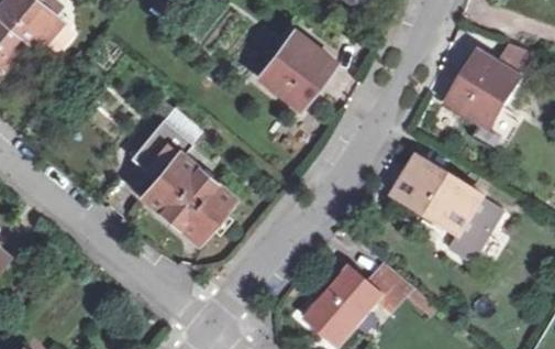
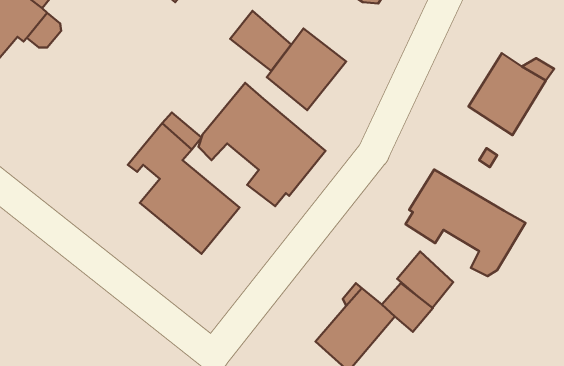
building: none -> [230,11,291,71]
building: none -> [199,83,326,206]
building: none -> [397,252,453,308]

